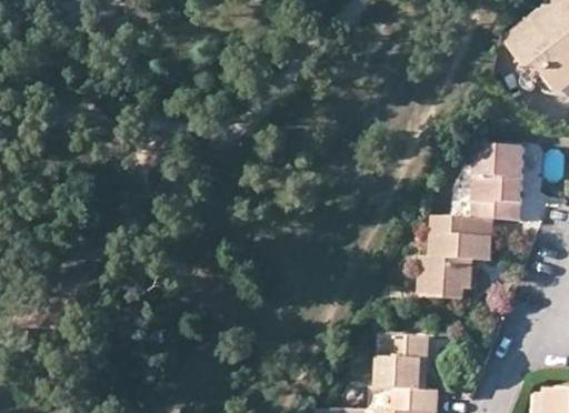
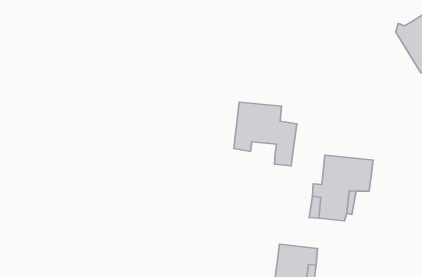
building: [469,144,523,220] -> none
building: none -> [234,102,297,166]

